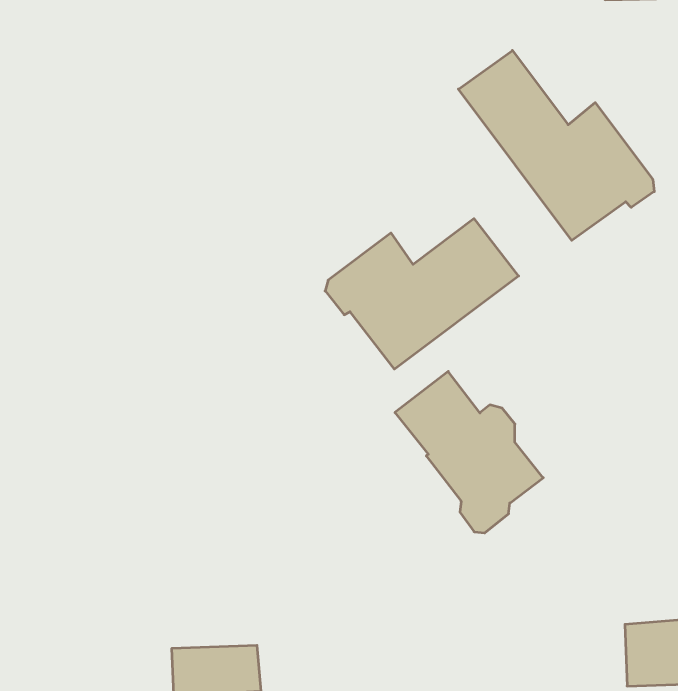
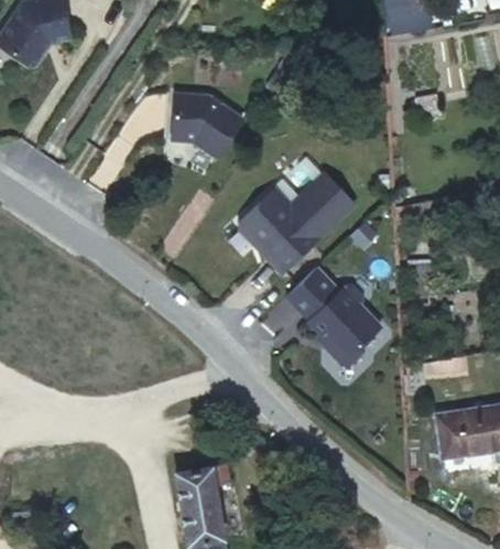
building: [458,50,654,240] -> none
building: none -> [171,97,241,159]

